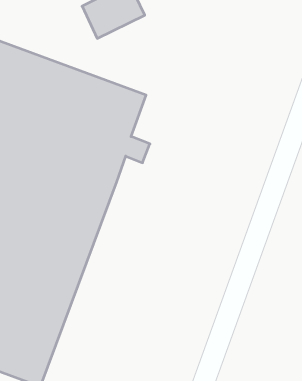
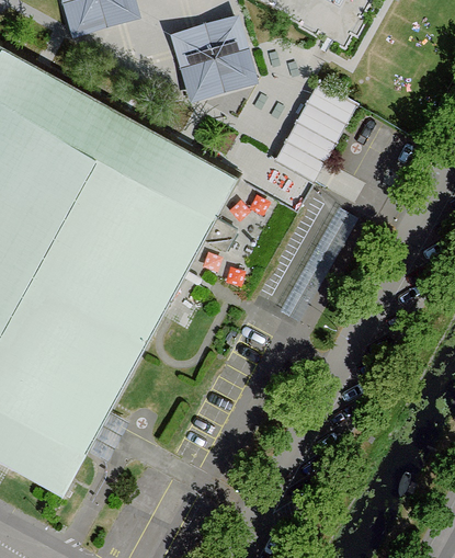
building: none -> [291,87,352,167]

